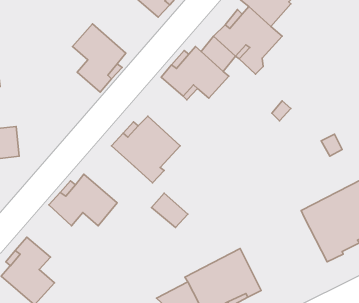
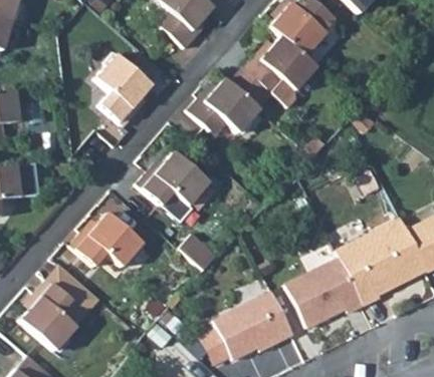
building: none -> [288,257,366,326]
building: none -> [49,263,103,326]

